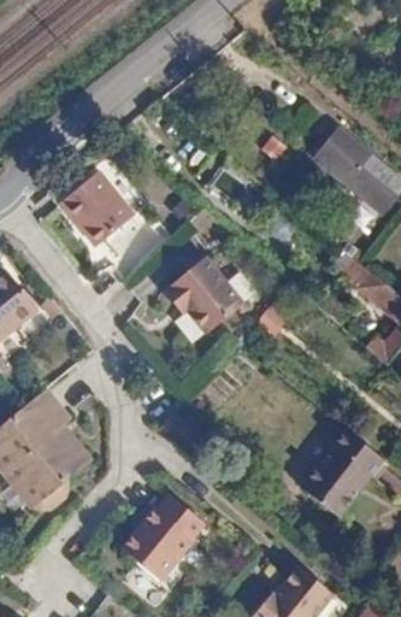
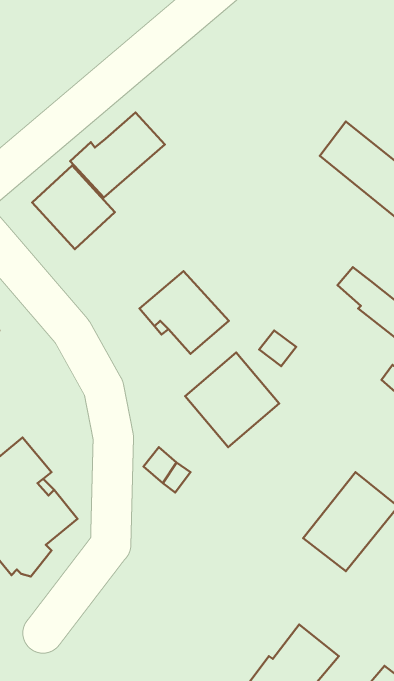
building: none -> [70,112,165,197]
building: none -> [185,352,279,447]
building: [124,493,205,576] -> none

